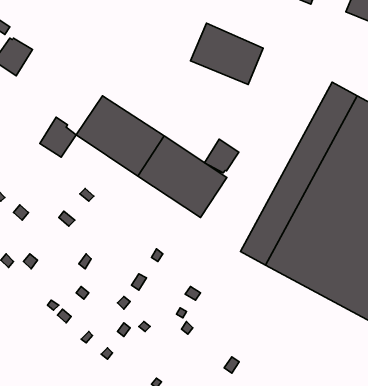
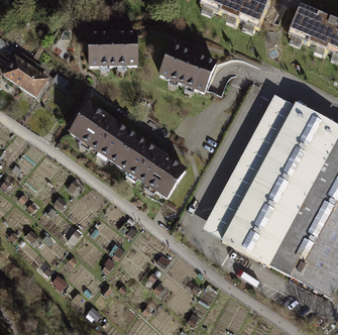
building: none -> [88,30,138,67]
building: [40,117,76,157] -> [19,64,48,96]
building: [205,139,239,173] -> none

